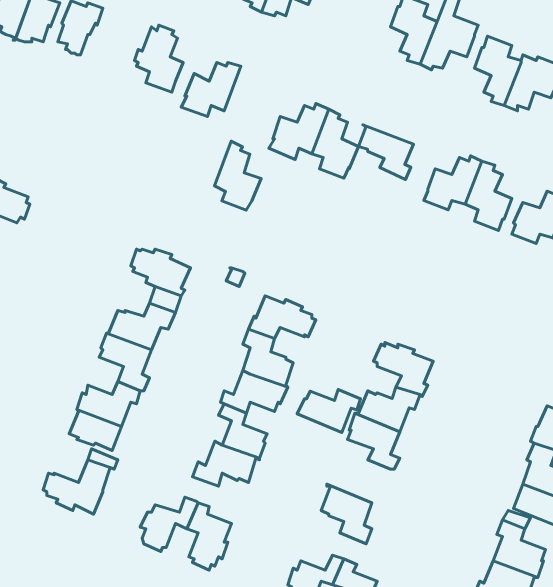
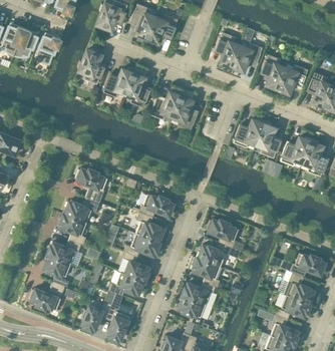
building: [359,125,414,180] -> none
building: [214,141,261,210] -> [125,70,150,107]
building: [297,389,361,432] -> [181,282,215,305]

